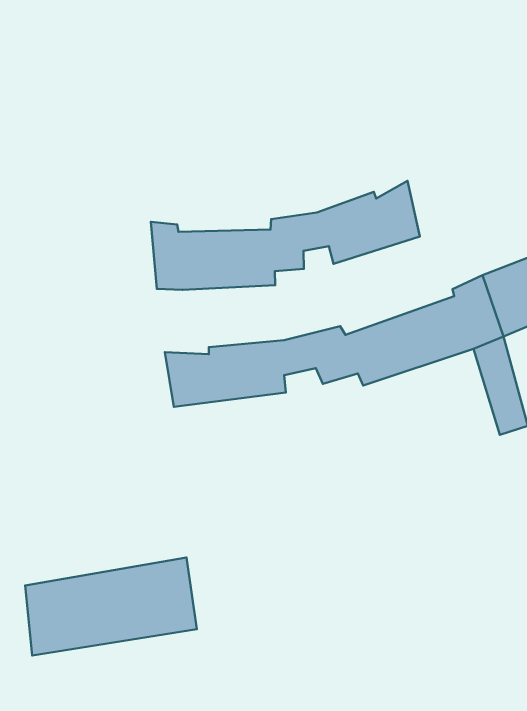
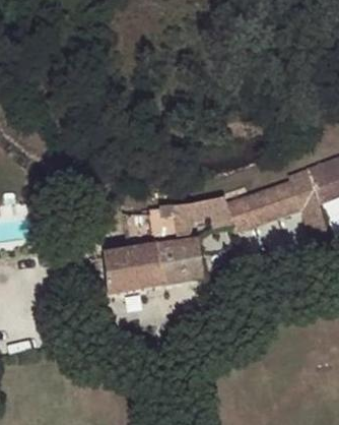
building: [151,181,420,290] -> none
building: [25,557,197,656] -> [104,237,203,294]

